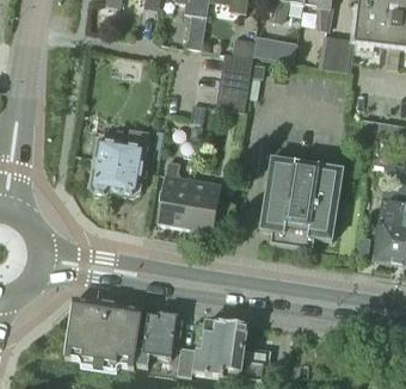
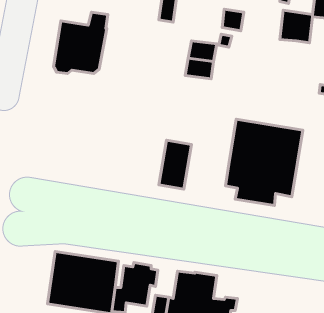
building: [222,37,254,73] -> none
building: [90,129,149,196] -> [53,12,108,73]
building: [158,160,195,227] -> none

